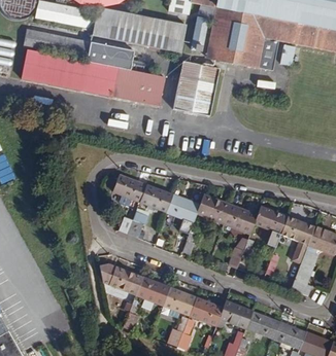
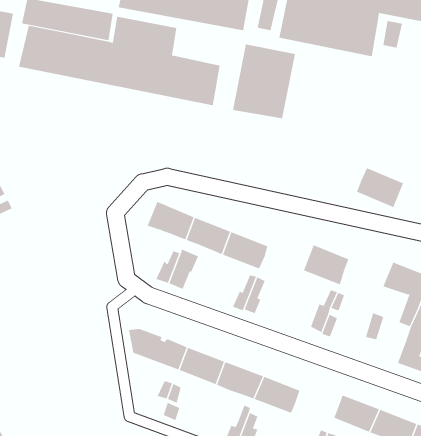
building: [197,193,231,222] -> none
building: [254,205,288,234] -> [356,167,404,208]
building: [219,300,251,327] -> none

